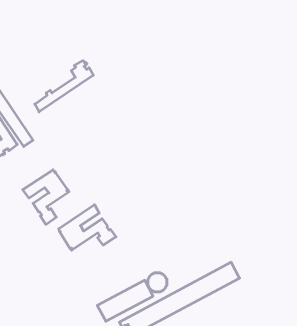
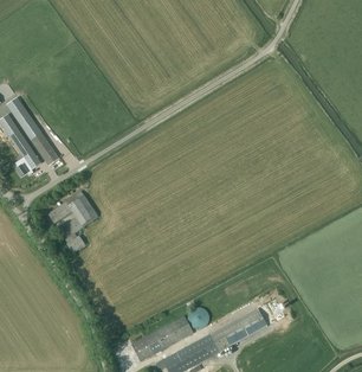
building: [35,61,93,112] -> none
building: [59,205,116,250] -> none

